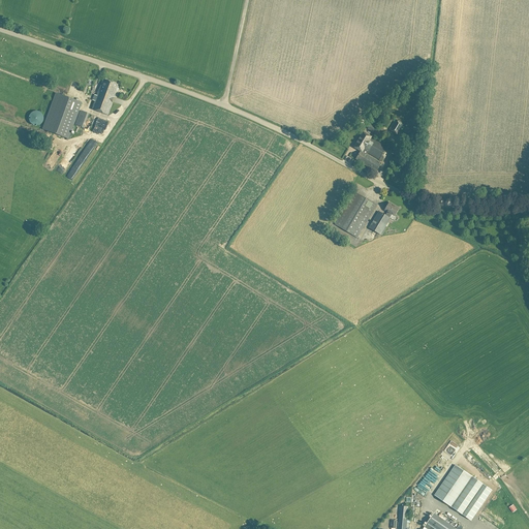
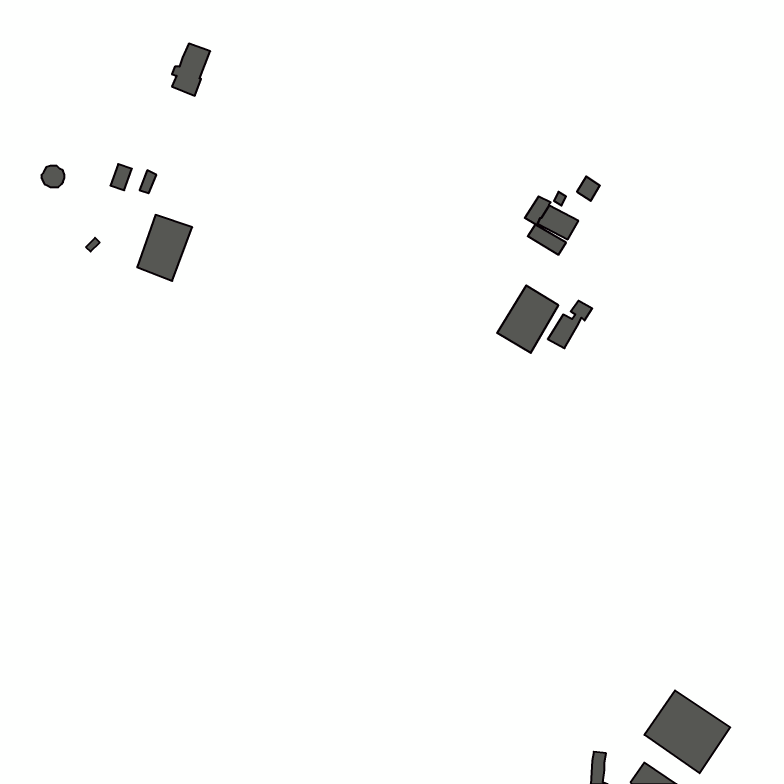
building: [92,80,118,115] -> [172,44,210,96]
building: [43,94,81,138] -> [137,215,192,281]

